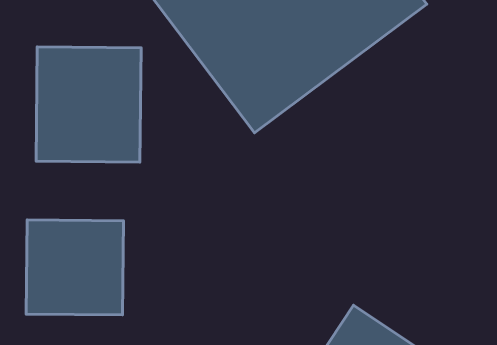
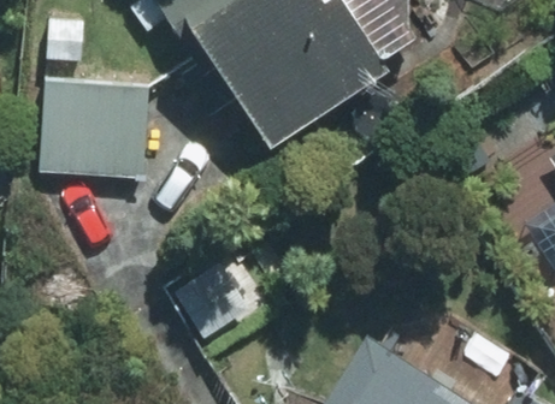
building: [26,220,124,315] -> none

